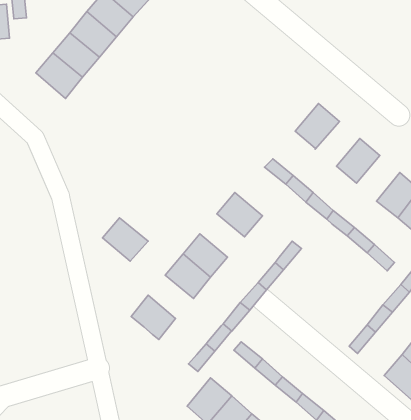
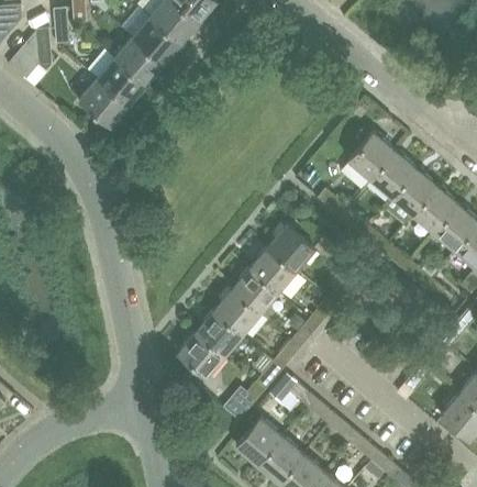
building: none -> [369,152,415,198]
building: none -> [412,187,457,234]
building: none -> [249,247,296,292]
building: [103,218,148,261] -> [196,311,243,356]

